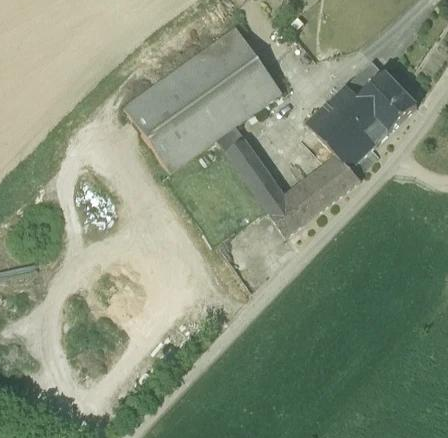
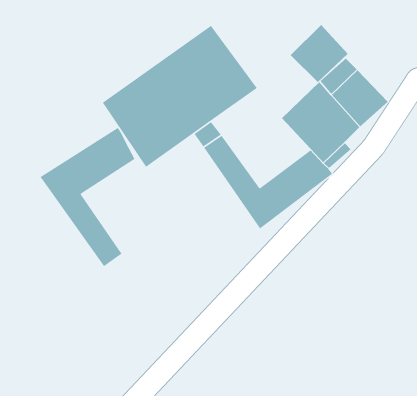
building: none -> [290,24,349,83]
building: none -> [40,127,135,267]

